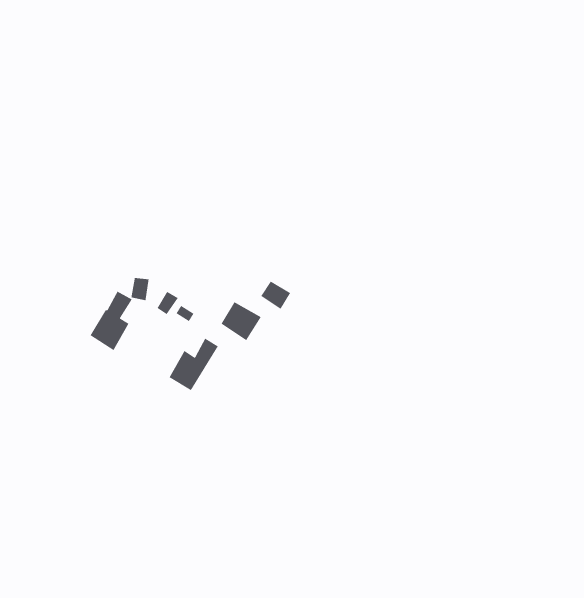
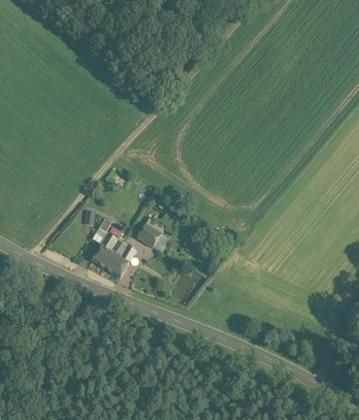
building: [90,290,133,351] -> [91,232,117,268]

